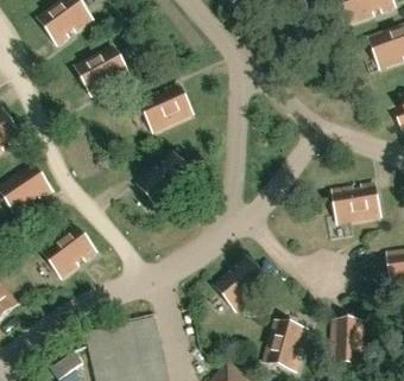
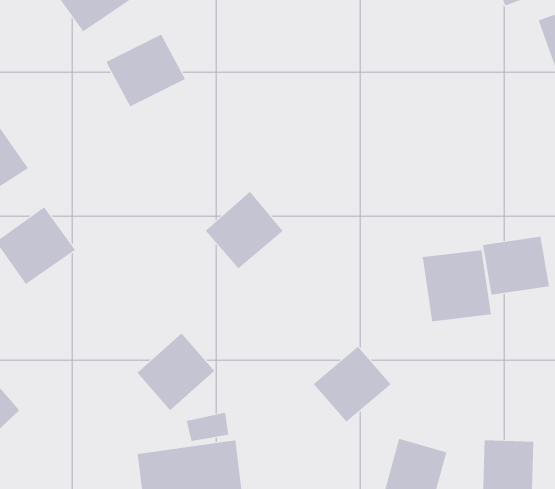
building: [138,83,190,133] -> none
building: none -> [422,249,492,322]
building: [38,224,91,278] -> [137,333,215,411]

